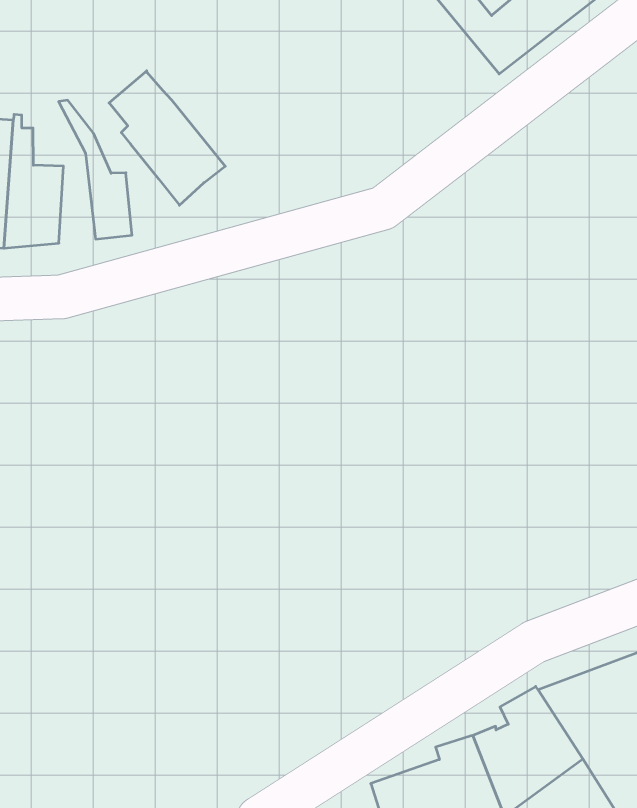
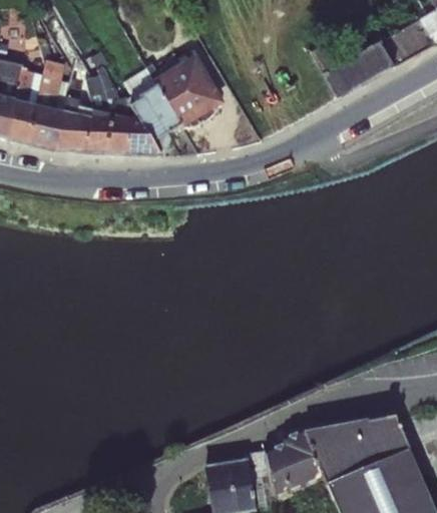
building: none -> [153,52,222,126]
building: none -> [97,63,160,154]
building: none -> [84,74,106,151]

